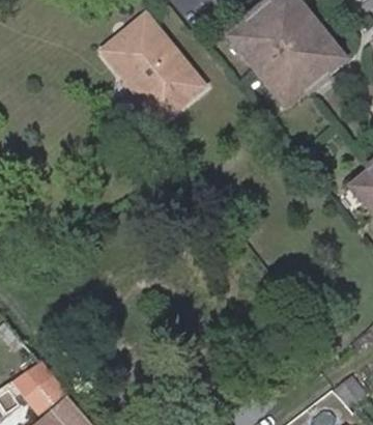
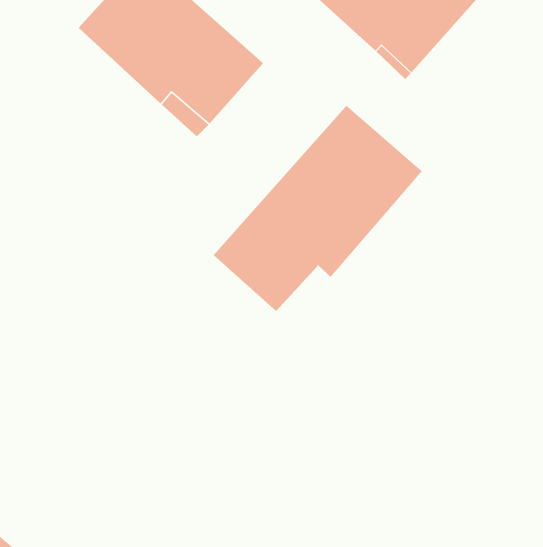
building: none -> [213,105,423,312]

